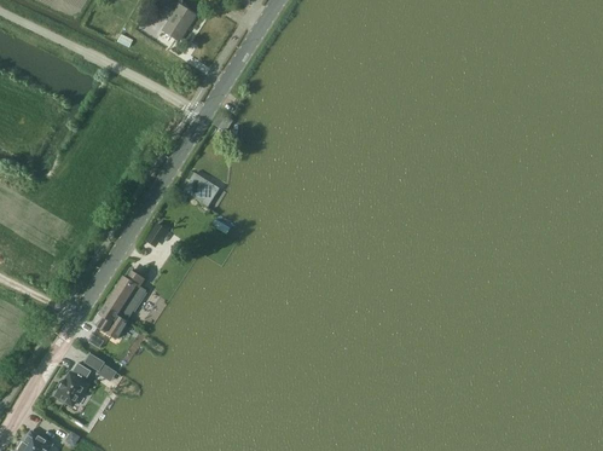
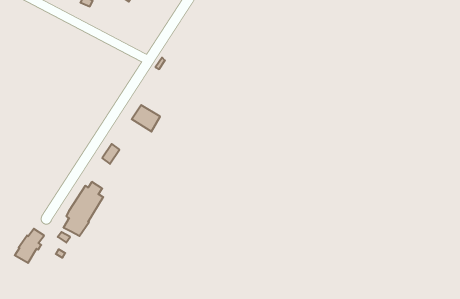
building: [56,363,93,406] -> [15,229,44,263]

